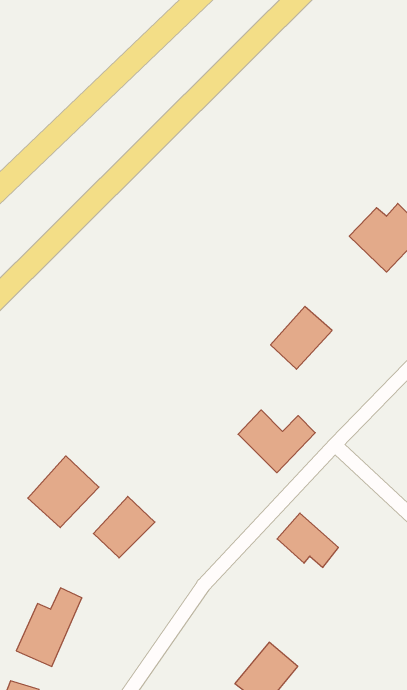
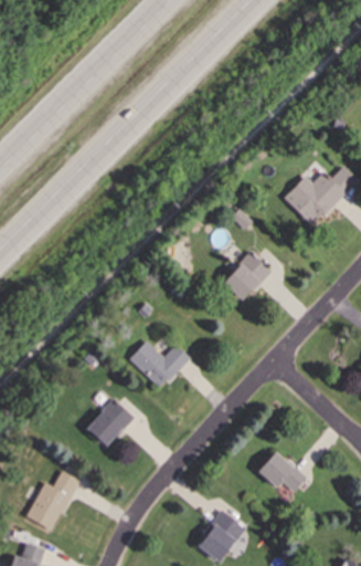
building: [238,410,315,473] -> [129,340,189,389]
building: [28,456,99,528] -> none
building: [277,513,338,567] -> [258,451,306,493]

